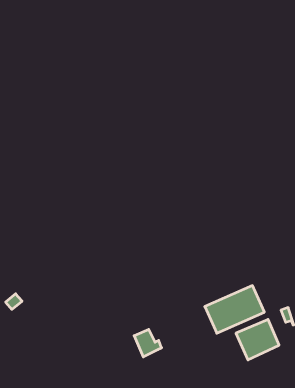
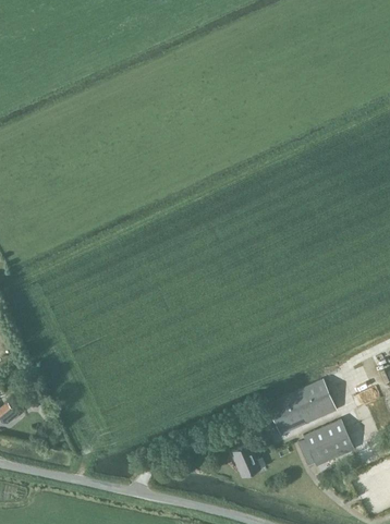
building: [134,329,162,357] -> [232,444,265,477]

